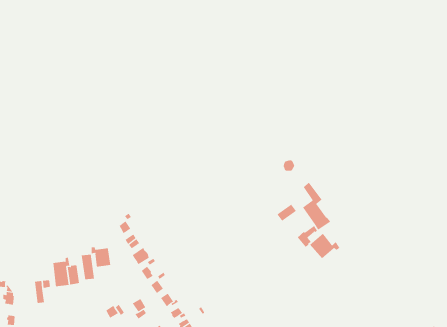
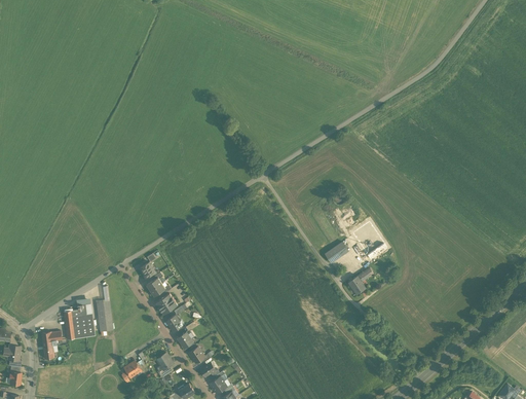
building: [309,233,340,259] -> none
building: [91,247,111,267] -> none

